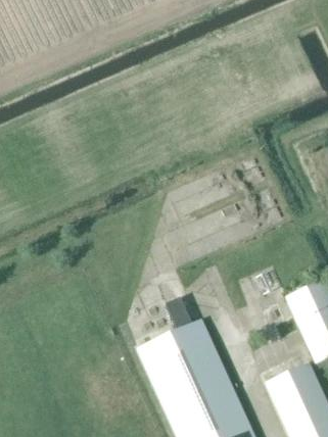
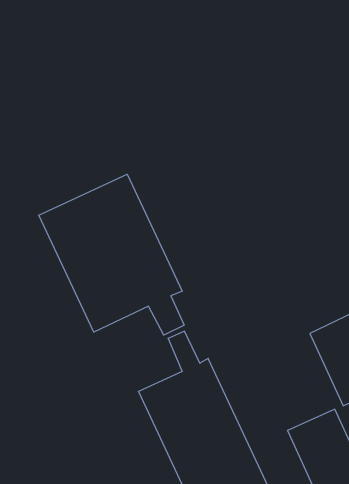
building: none -> [39,174,184,335]

